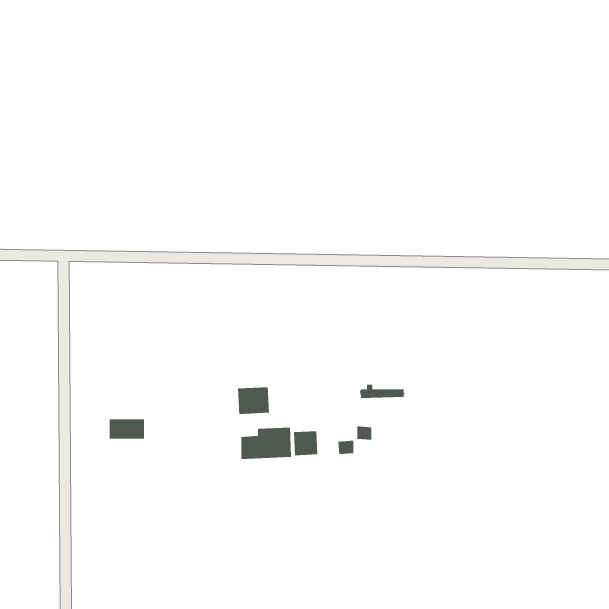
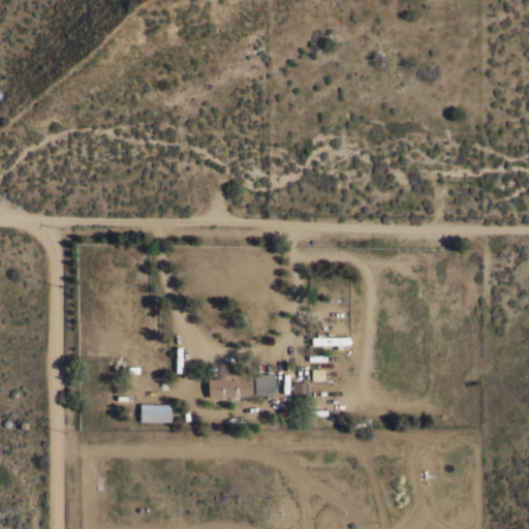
building: [237,386,269,415] -> none
building: [109,419,145,439] -> [142,405,173,423]

